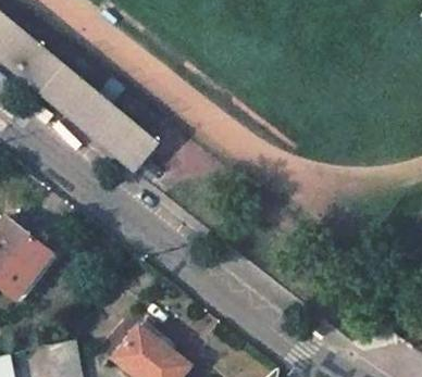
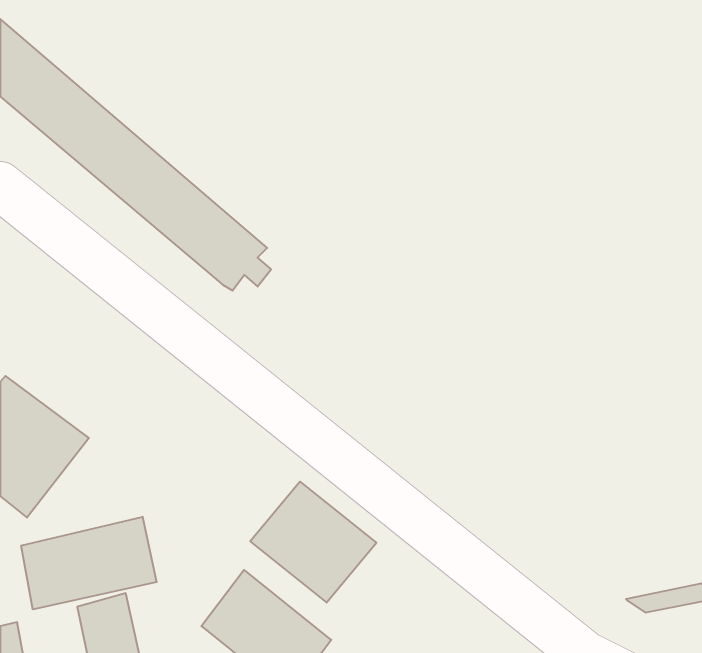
building: none -> [250,482,376,603]
building: none -> [21,517,157,609]

